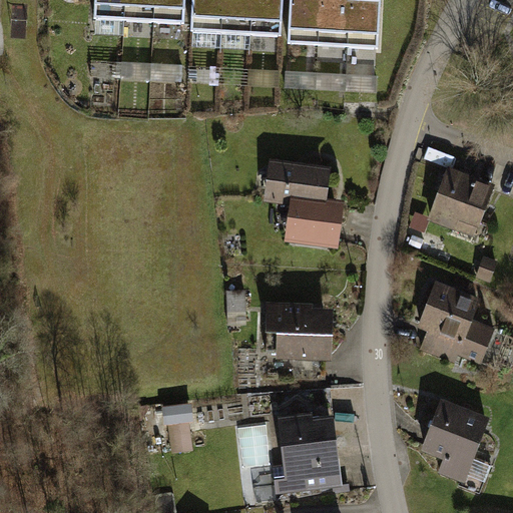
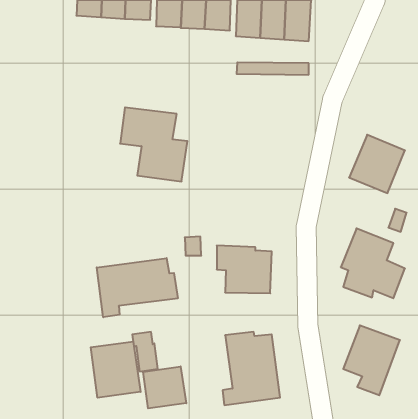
building: [262,157,344,247] -> [120,107,187,181]
building: none -> [97,258,178,317]
building: none -> [91,341,141,398]
building: none -> [143,366,186,408]

